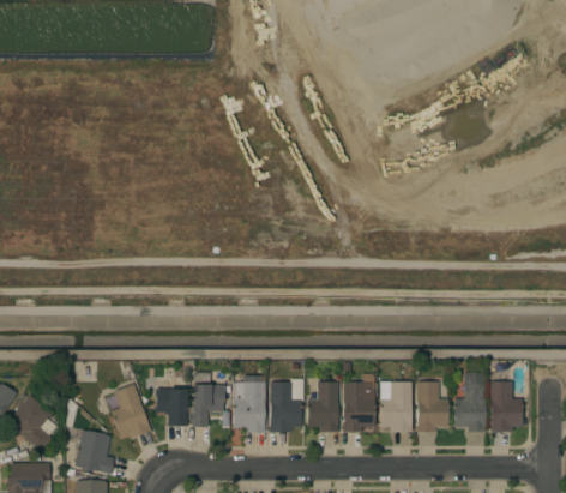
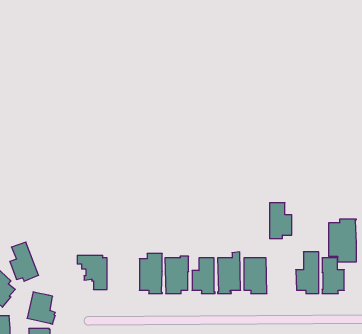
building: none -> [329,219,356,262]
building: [192,372,225,428] -> none
building: [417,381,448,432] -> [270,203,292,239]
building: [110,384,151,439] -> [10,242,39,281]

